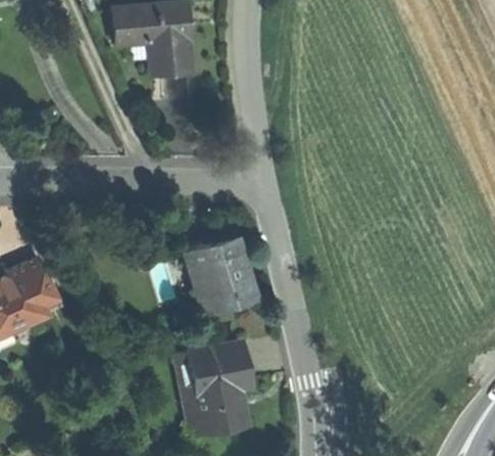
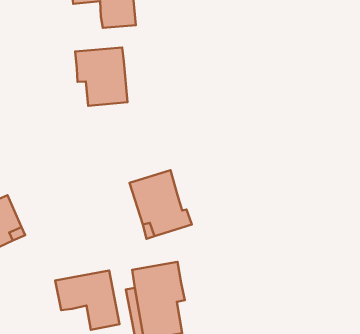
building: none -> [75,48,127,106]
building: none -> [55,270,120,330]

